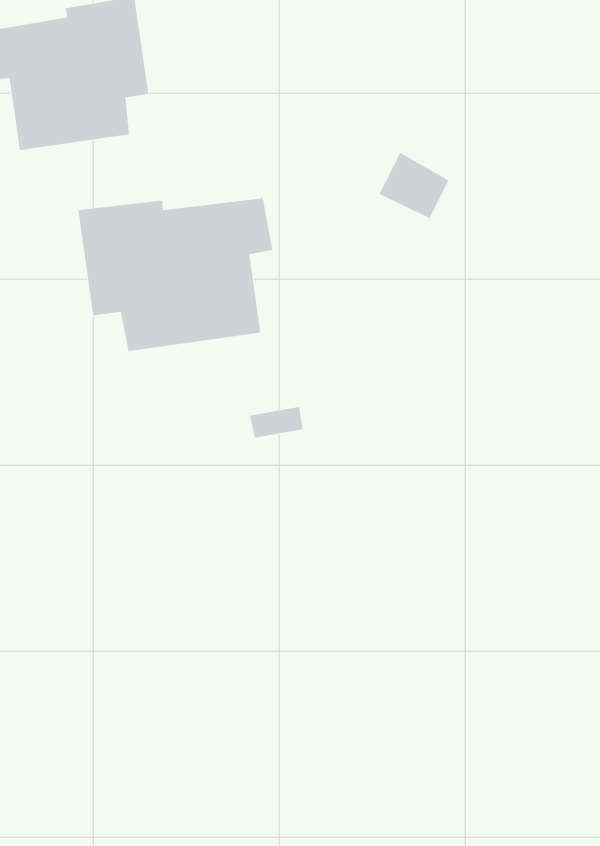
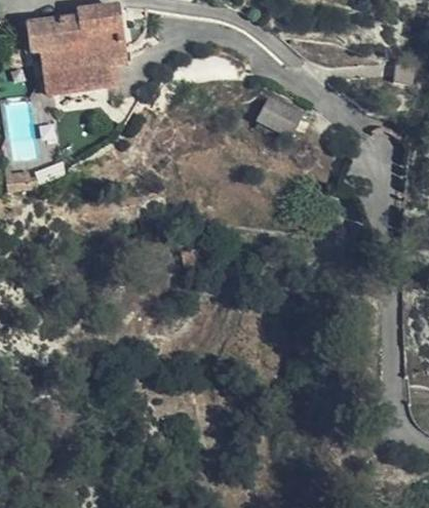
building: [78,198,273,352] -> none

